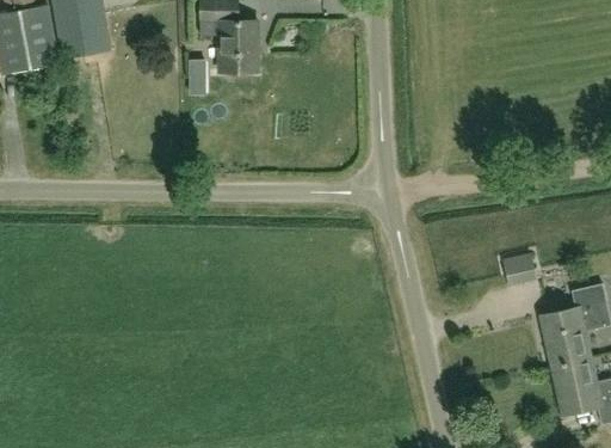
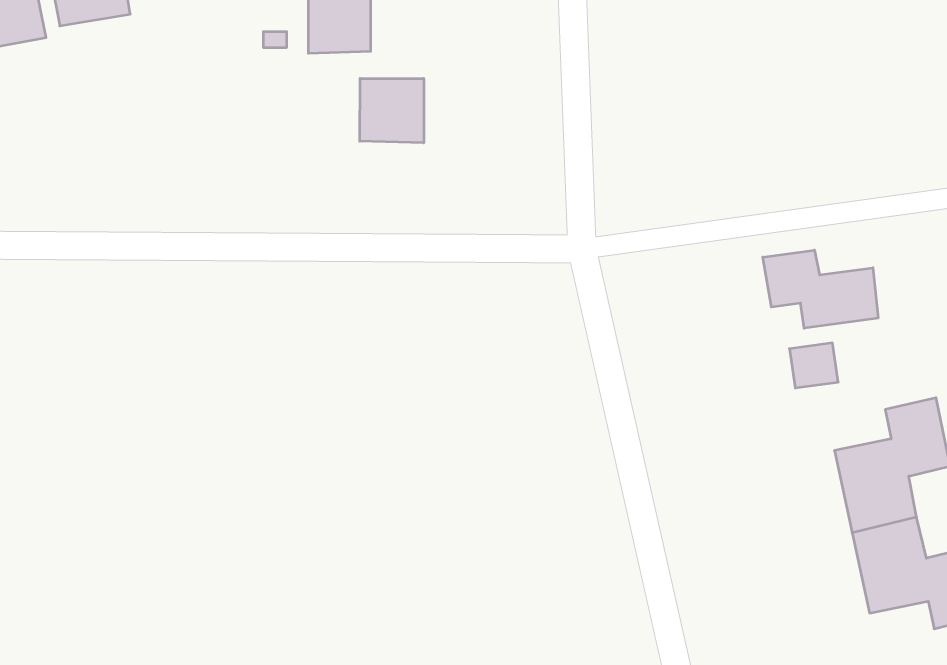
building: none -> [360,78,424,143]
building: none -> [763,250,878,328]

